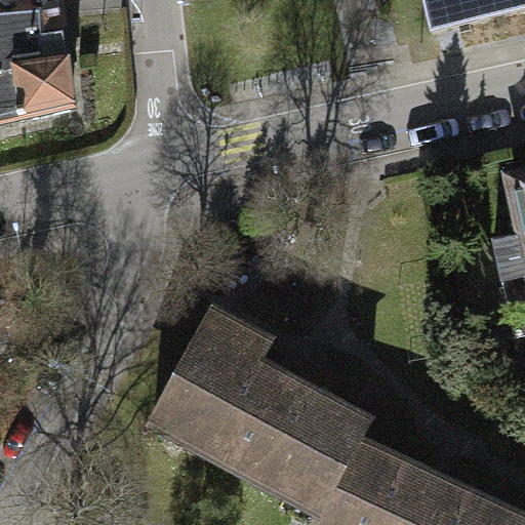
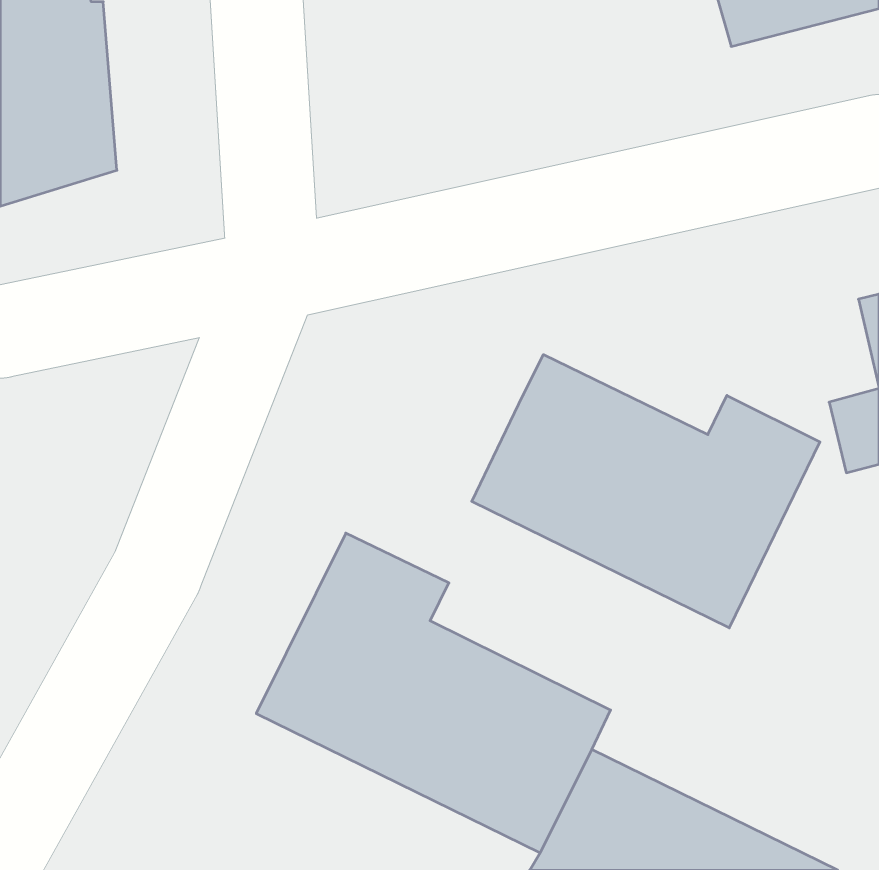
building: none -> [472,355,820,628]

